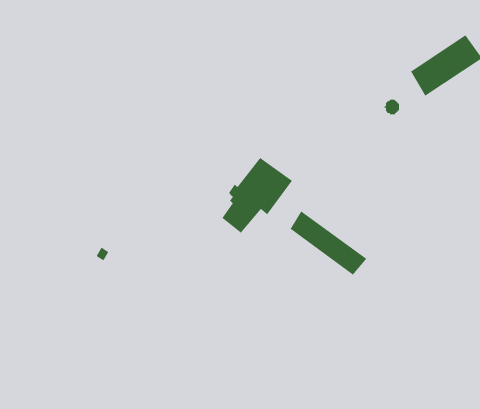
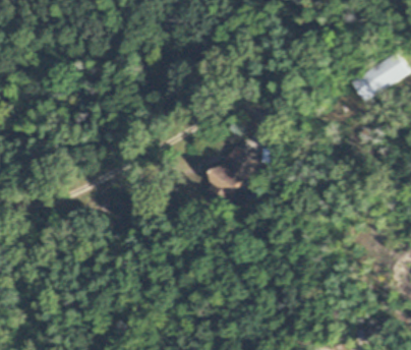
building: [290,210,367,275] -> none

